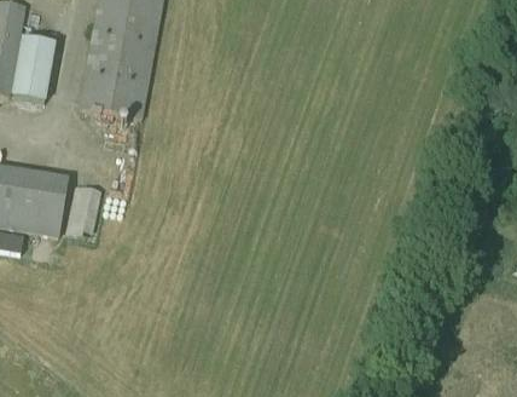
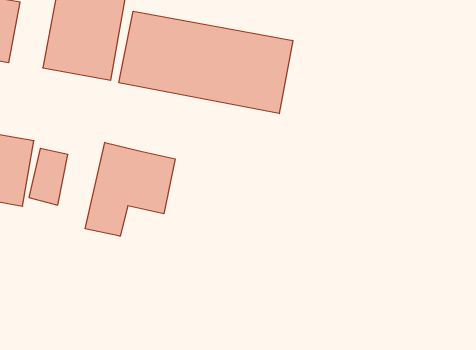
building: none -> [119,11,293,114]
building: none -> [85,142,175,236]

